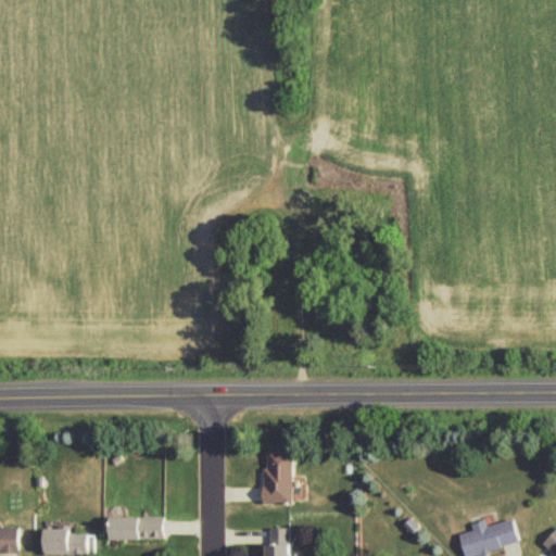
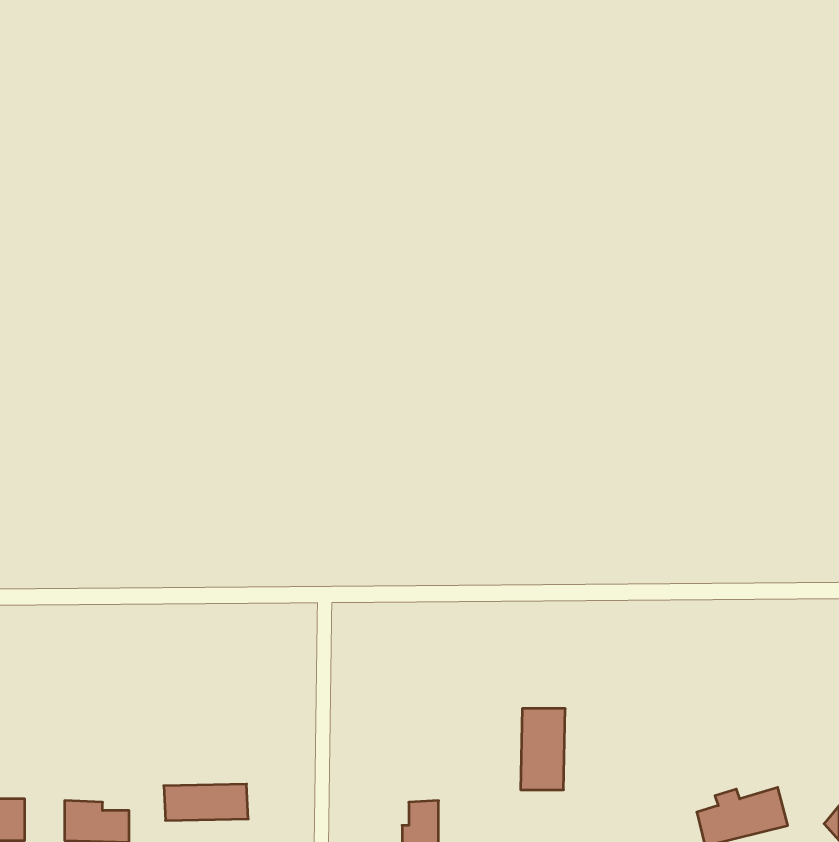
building: [262,452,291,505] -> [521,709,565,790]

